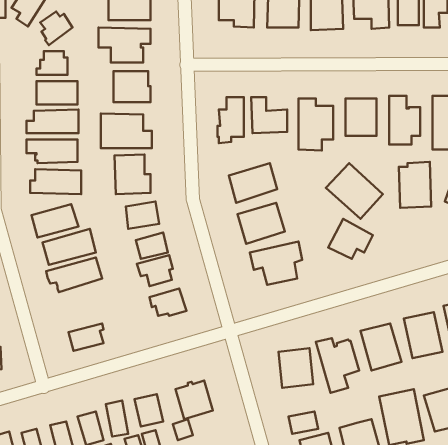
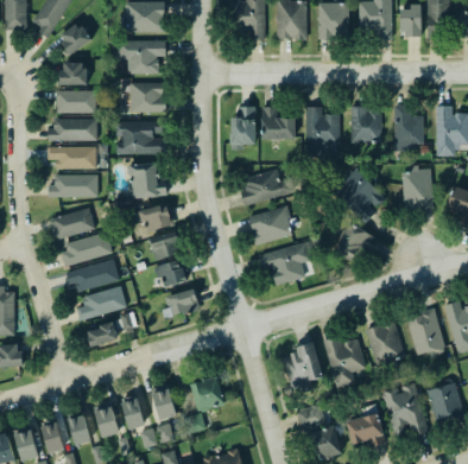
building: none -> [76,285,126,319]

